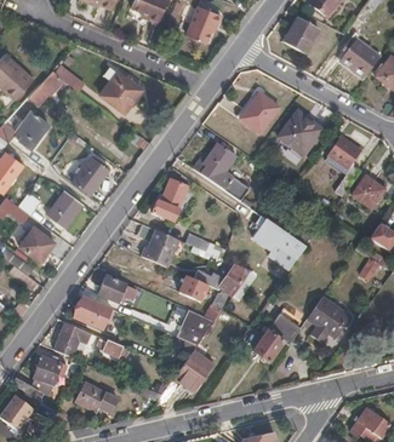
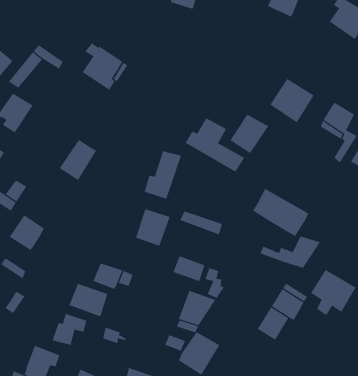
building: [239,93,278,132] -> [230,114,269,154]
building: [47,190,85,229] -> none
building: [192,263,251,294] -> [260,236,321,269]

